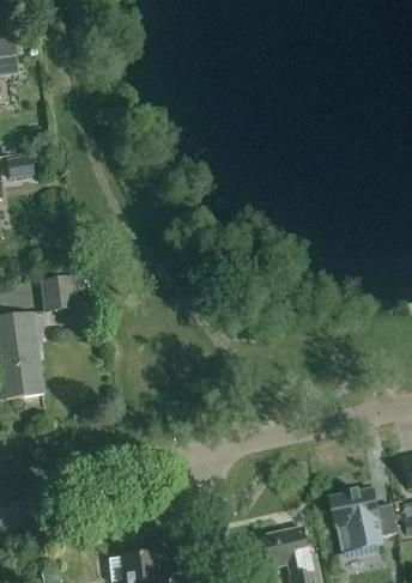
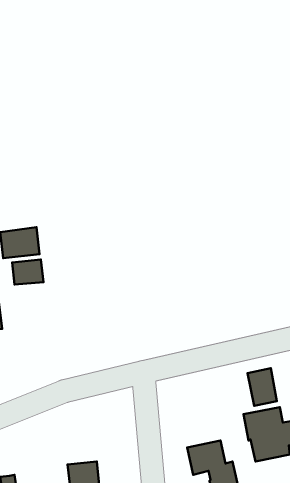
building: none -> [12,259,43,285]
building: none -> [247,368,277,406]

